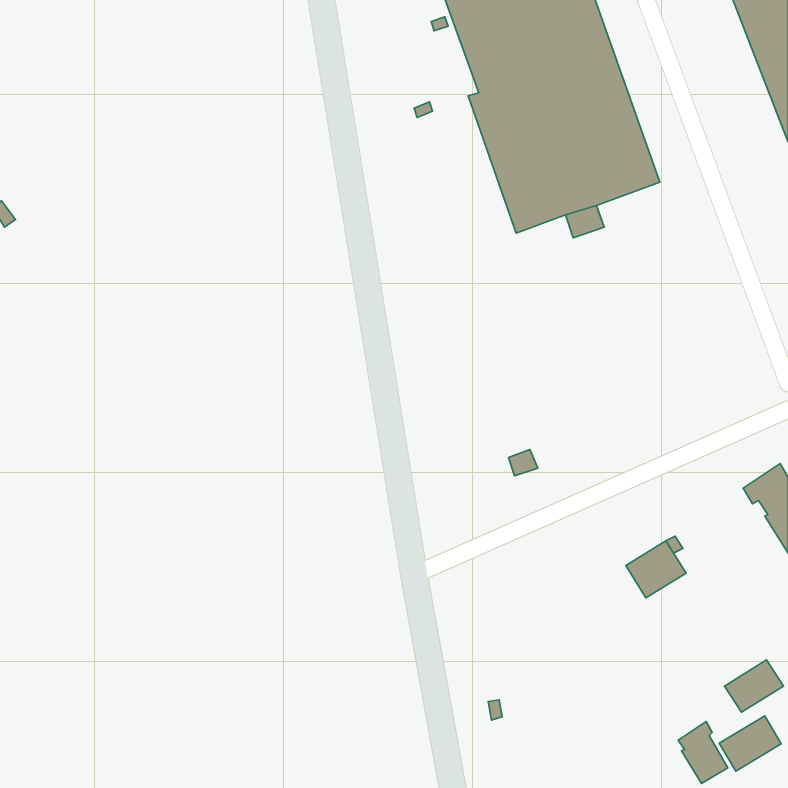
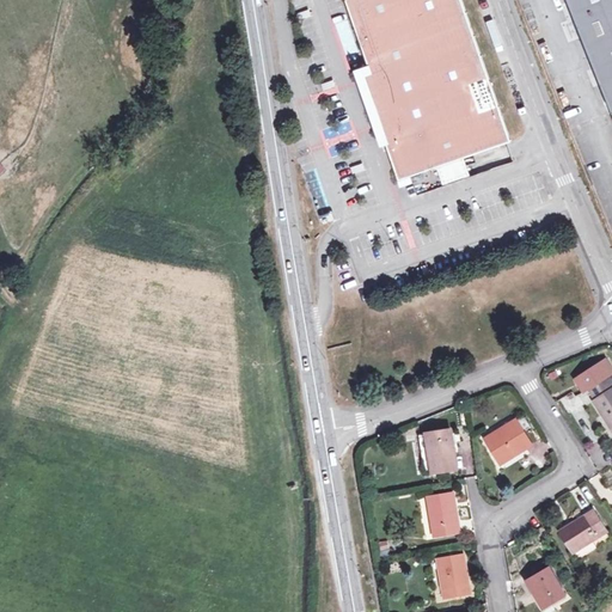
building: none -> [426,429,457,471]
building: none -> [427,494,458,534]
building: [719,716,781,771] -> none
building: none -> [437,556,469,596]

